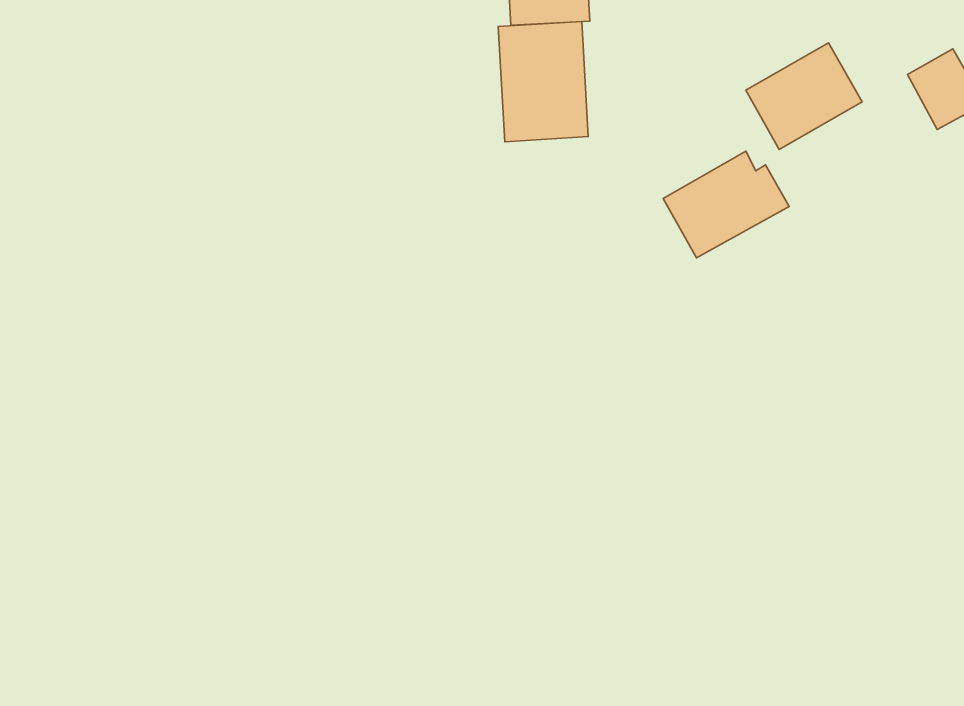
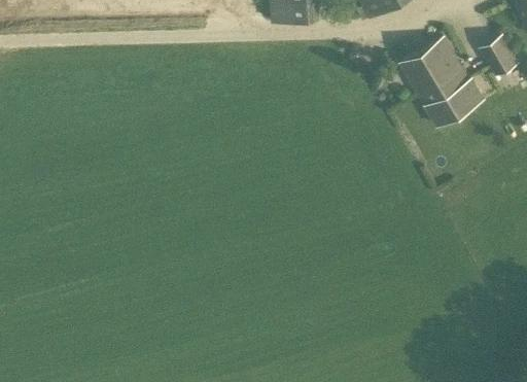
building: [498,22,588,142] -> none
building: [663,151,789,258] -> [414,65,480,120]

